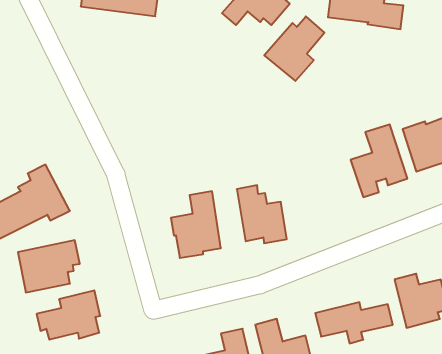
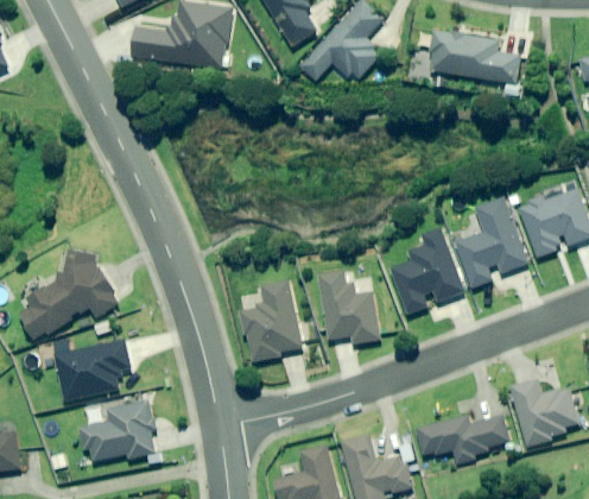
building: [264,16,324,81] -> none
building: none -> [393,228,462,312]

